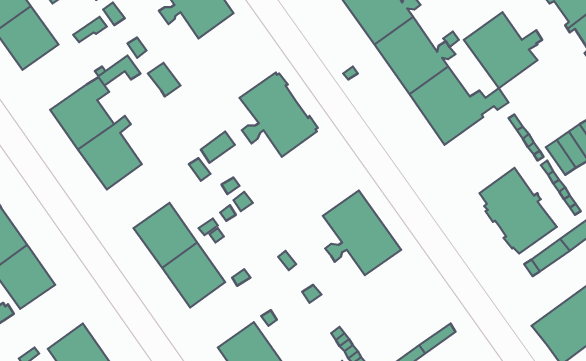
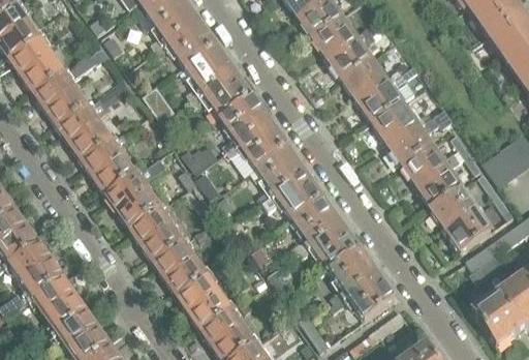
building: [464,12,542,88] -> [397,133,464,199]
building: none -> [186,44,252,117]
building: none -> [35,71,90,127]
building: none -> [257,146,323,218]
building: none -> [107,157,165,229]
building: none -> [329,247,396,320]
building: none -> [179,275,234,331]
building: none -> [33,277,87,332]

